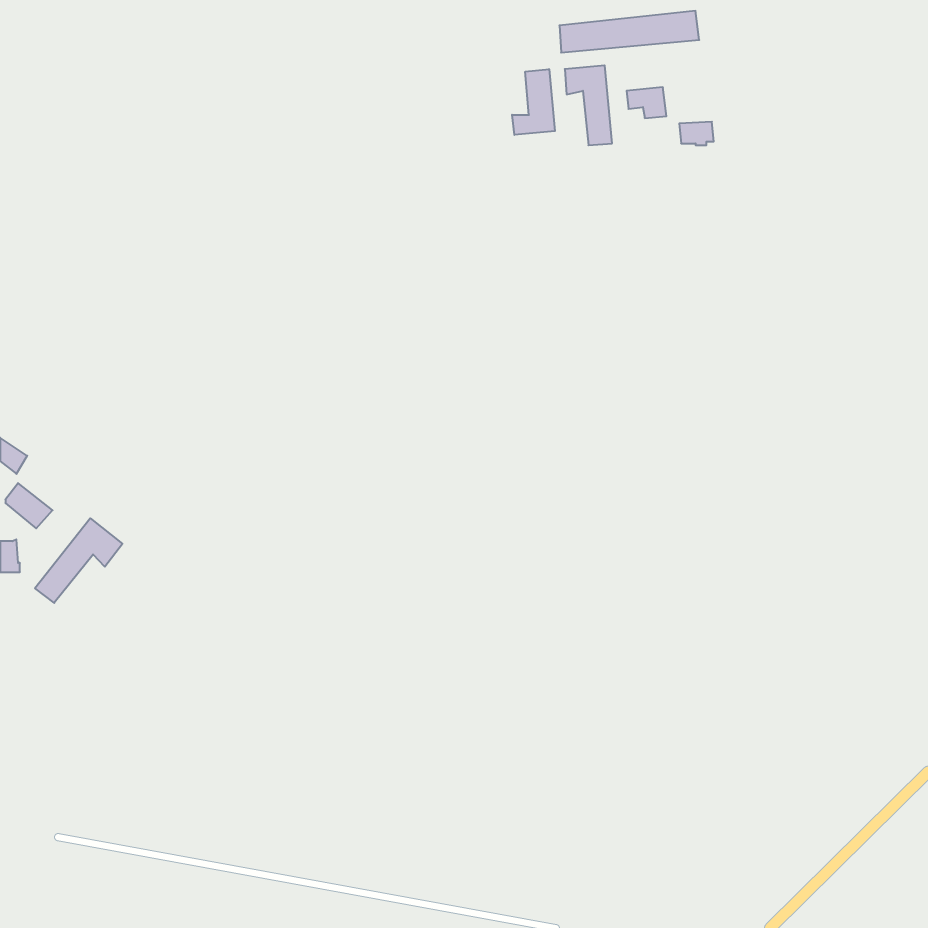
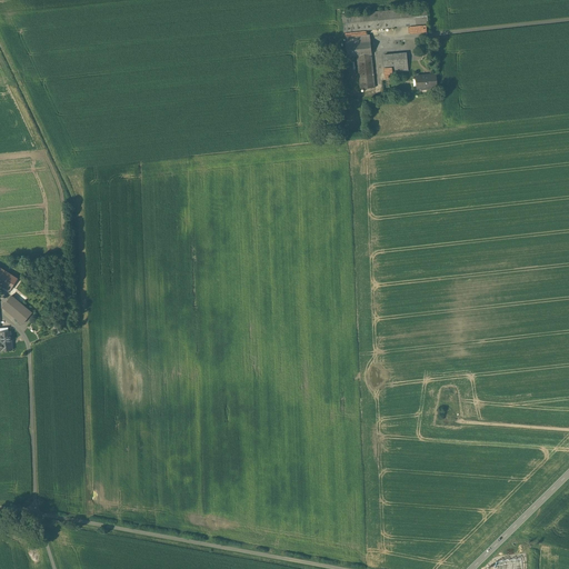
building: [512,69,555,135] -> none
building: [35,518,122,603] -> none

